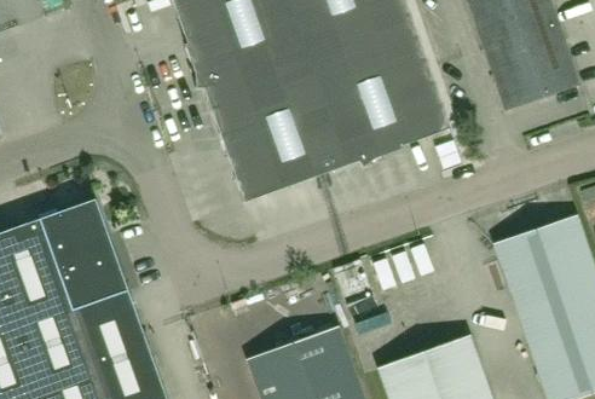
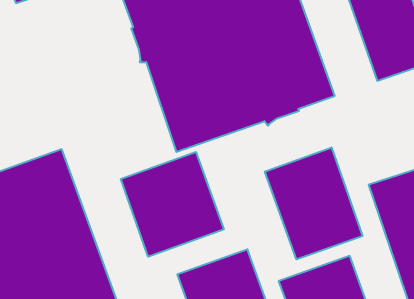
building: none -> [265,147,362,259]
building: none -> [121,152,224,257]

